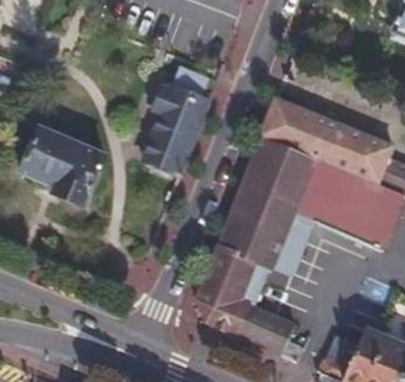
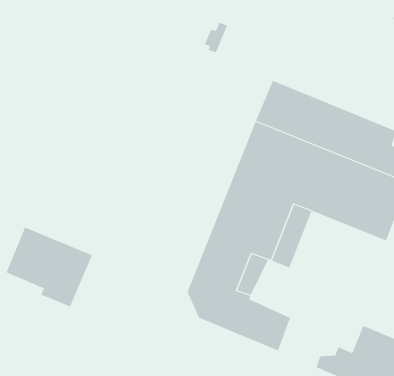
building: [145,65,207,171] -> none
building: [21,127,105,204] -> [6,227,93,307]

